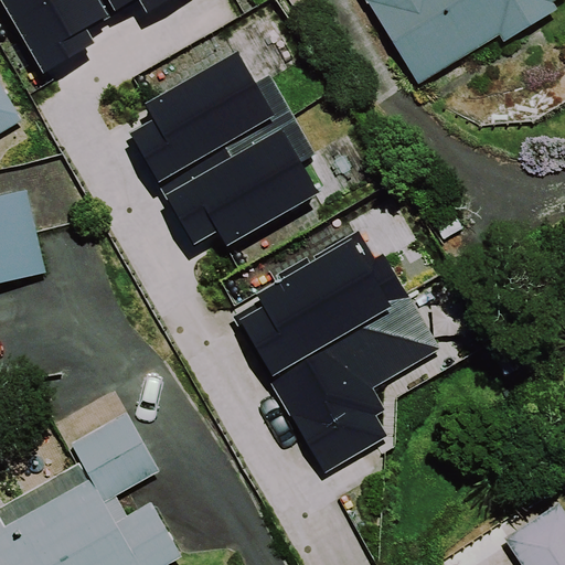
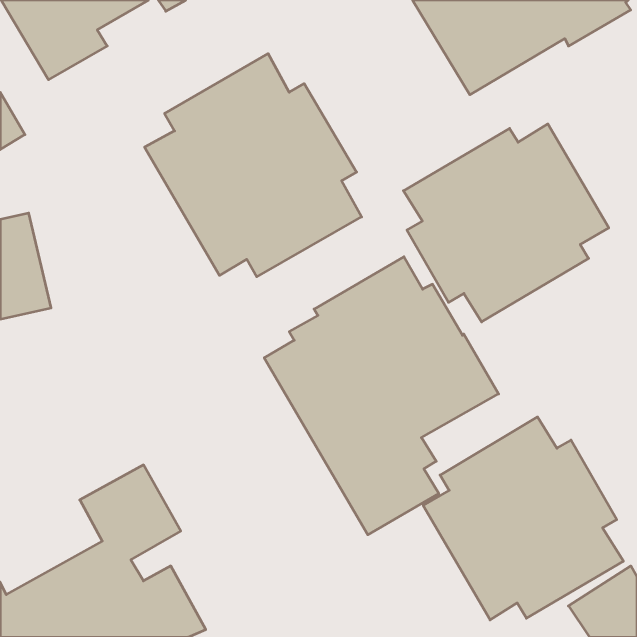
building: none -> [403,124,609,322]
building: none -> [423,417,623,620]

